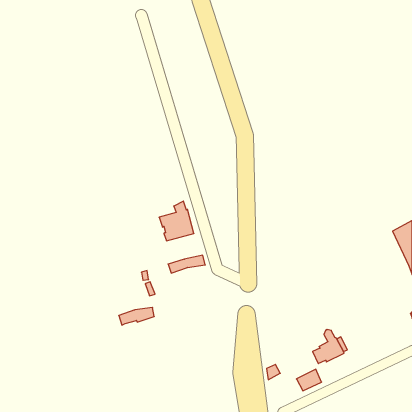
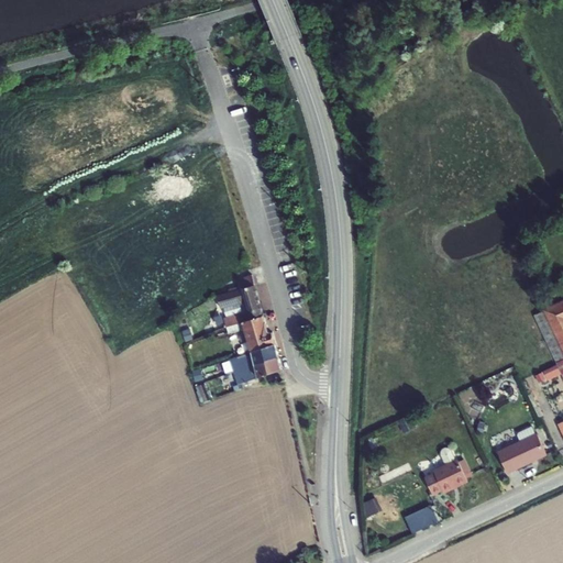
building: none -> [227,318,276,353]
building: [119,307,154,325] -> [233,361,282,385]
building: none -> [497,426,545,472]

